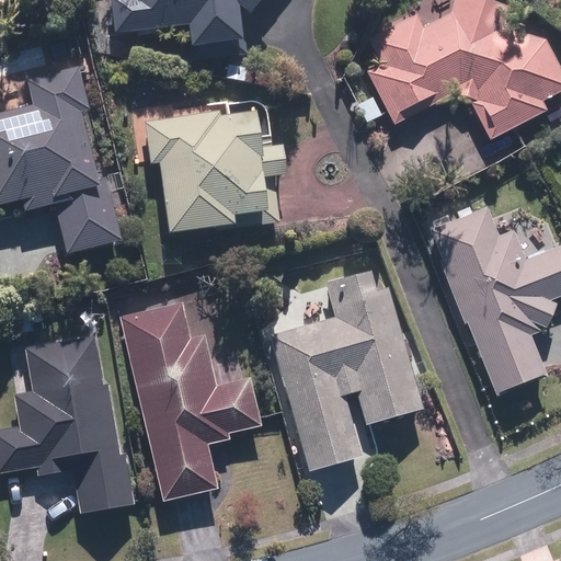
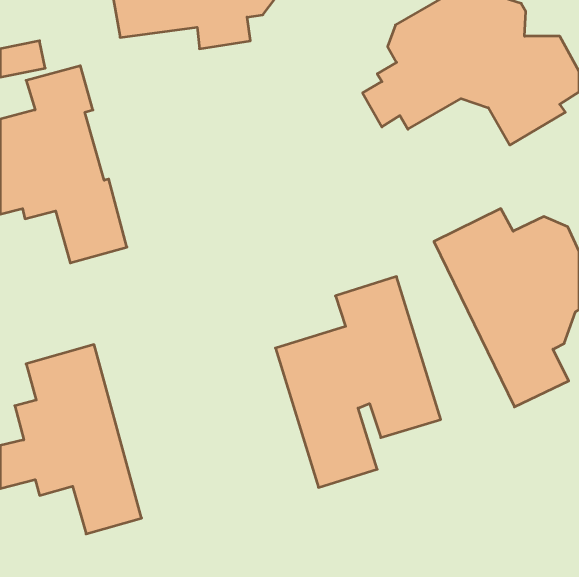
building: [144,105,287,232] -> none
building: [121,300,261,501] -> none

